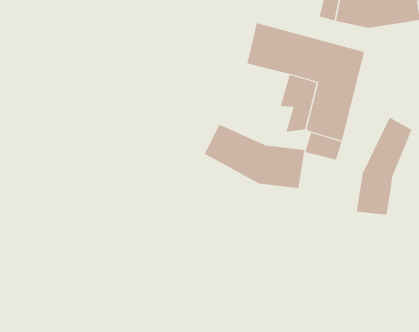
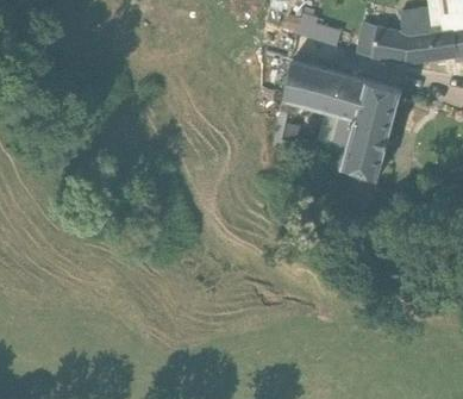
building: [356,117,412,216] -> none
building: [204,124,305,189] -> none

